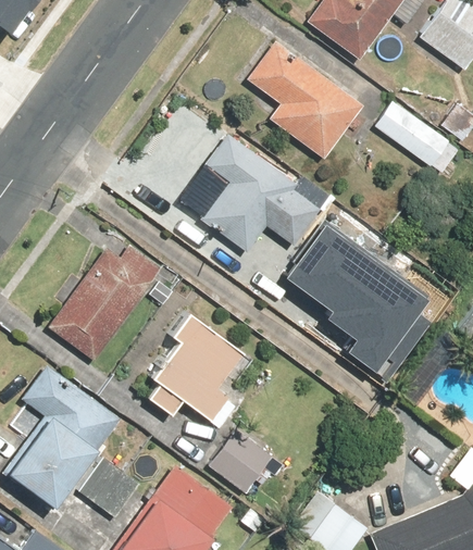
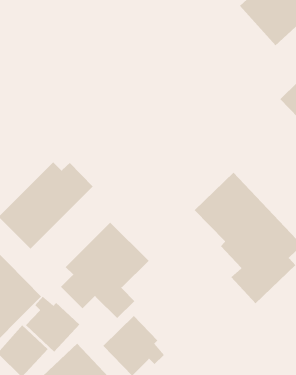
building: [246,38,363,158] -> none
building: [201,133,318,252] -> none
building: none -> [25,296,80,352]

